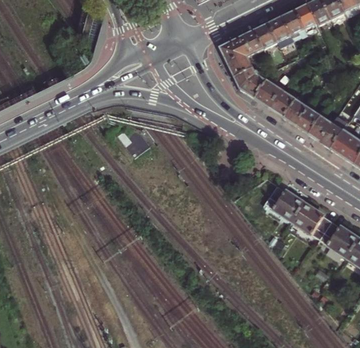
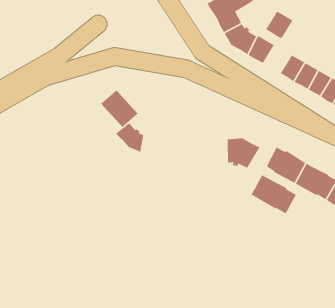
building: [269,90,296,117] -> [265,11,294,39]
building: none -> [115,123,144,153]
building: none -> [227,137,261,169]
building: none -> [250,174,297,214]

